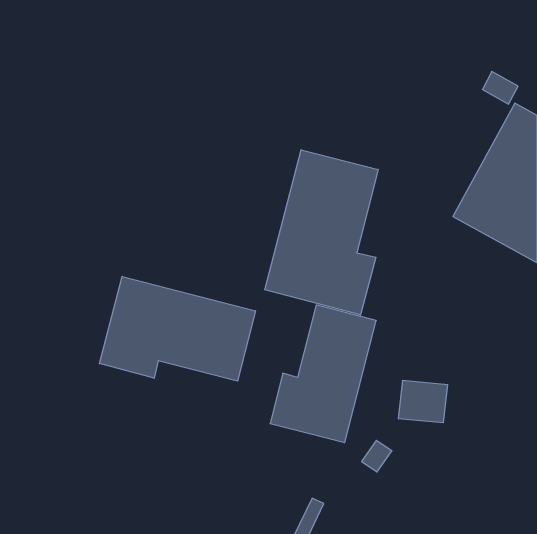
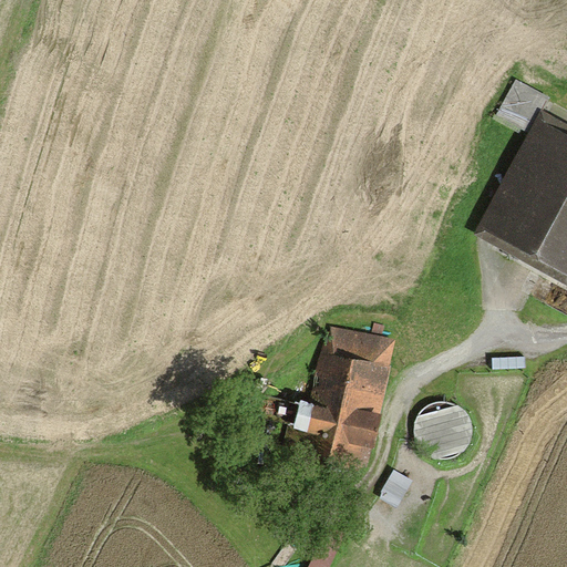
building: [265,150,378,315] -> none
building: [99,276,255,381] -> none

